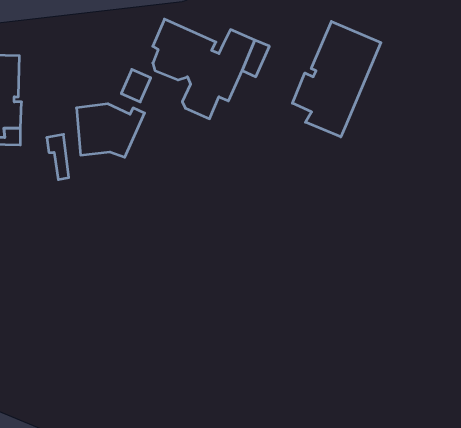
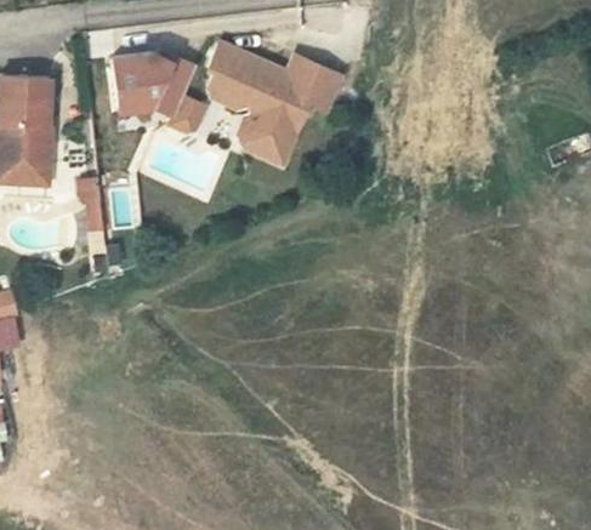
building: [292,21,381,137] -> none
building: [76,104,145,157] -> [114,56,193,118]

